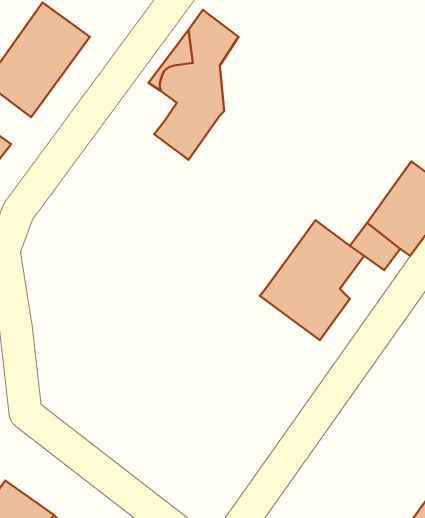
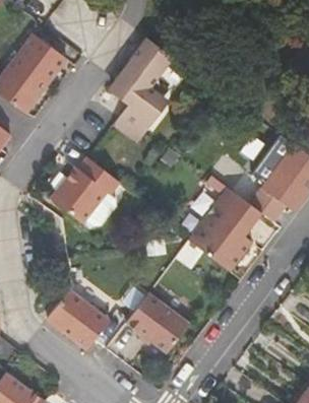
building: none -> [48,159,117,228]
building: none -> [126,284,190,352]
building: none -> [47,289,109,348]

